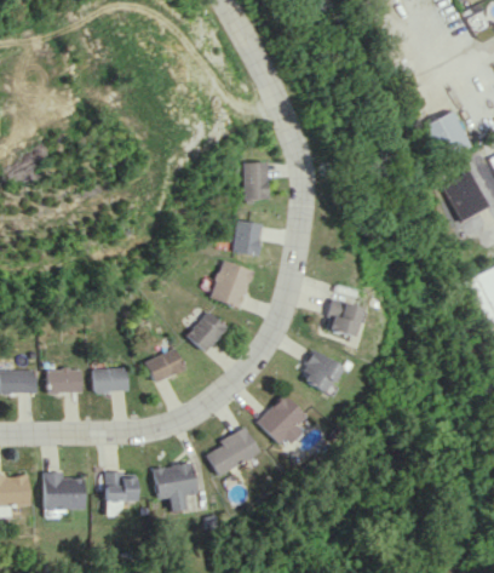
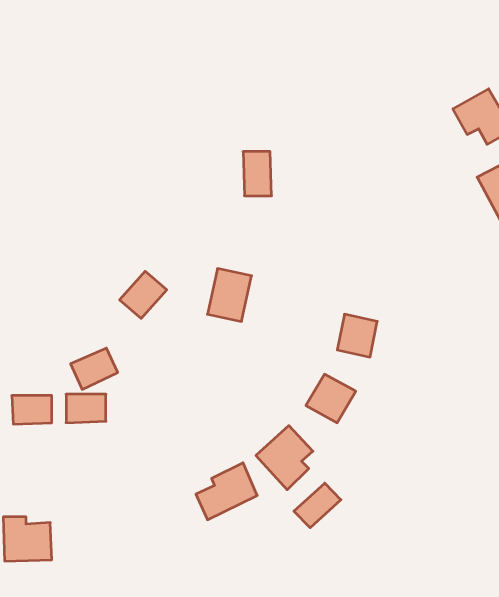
building: [235,220,264,256] -> none
building: [188,311,228,351] -> [120,271,167,318]
building: [147,348,186,383] -> [71,348,118,389]
building: none -> [294,483,341,528]
building: [150,463,195,511] -> none
building: [102,472,133,502] -> none

